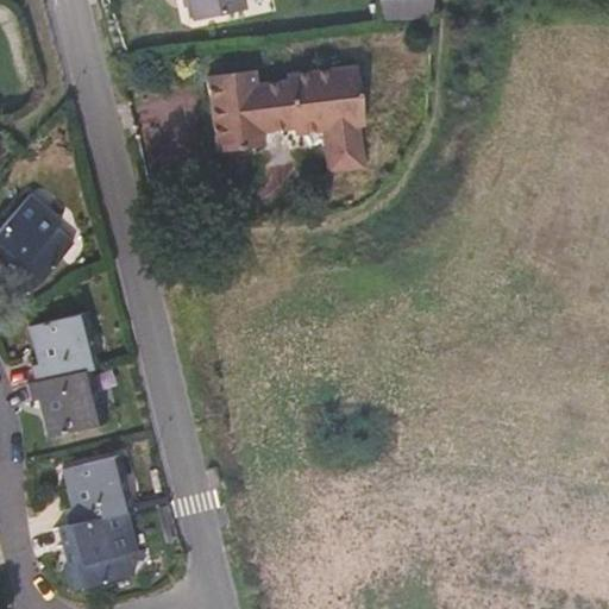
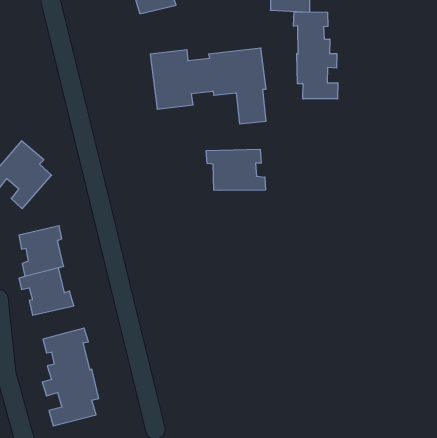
building: none -> [294,12,338,99]
building: none -> [206,149,266,190]

